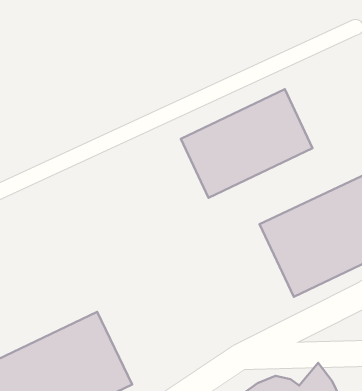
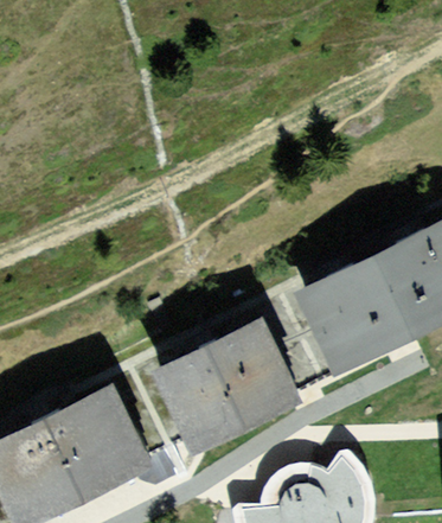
building: [181,89,313,198] -> none
building: none -> [148,321,297,458]

